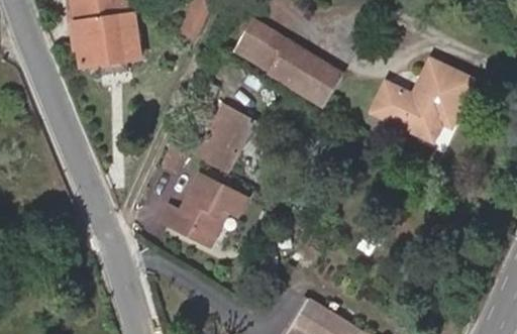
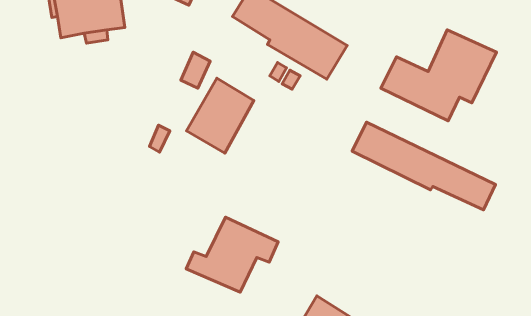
building: none -> [352,122,496,210]
building: [162,175,244,242] -> [186,217,278,292]

